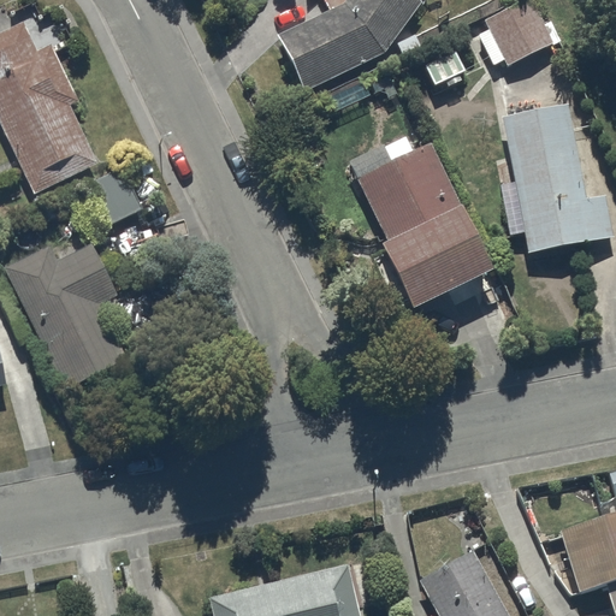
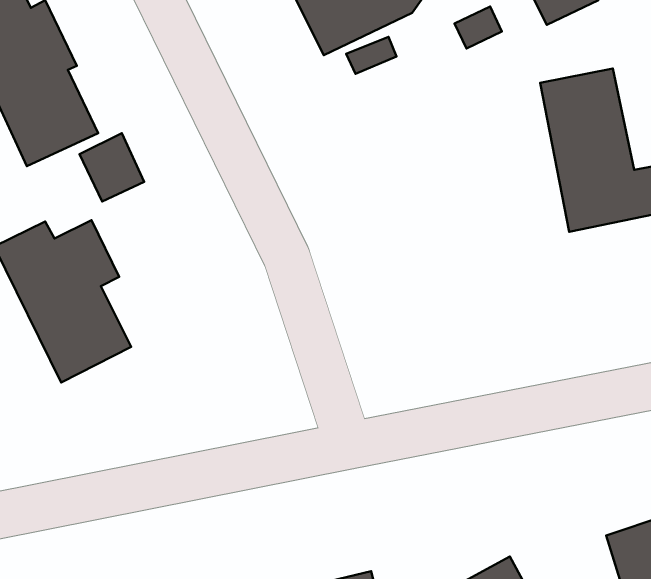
building: [348,135,492,314] -> none

